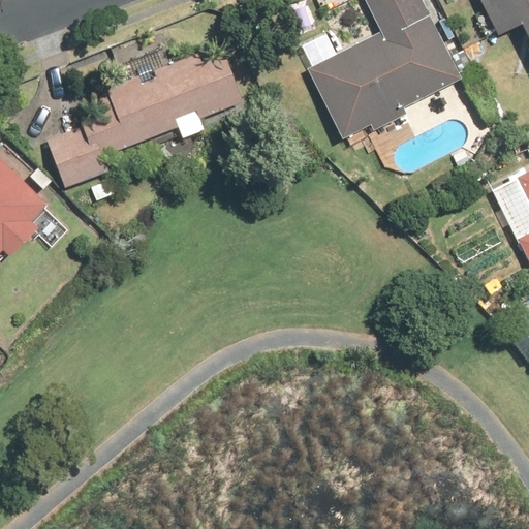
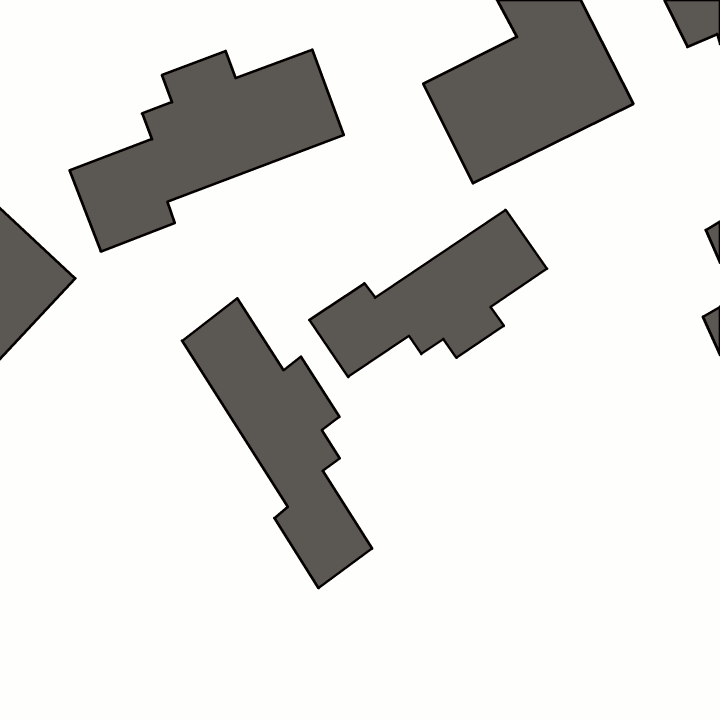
building: none -> [309,210,547,377]
building: none -> [182,298,372,588]

